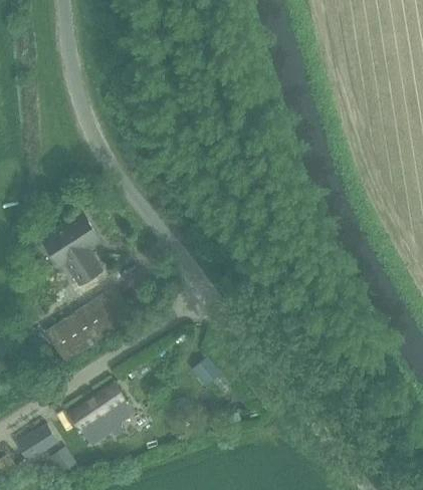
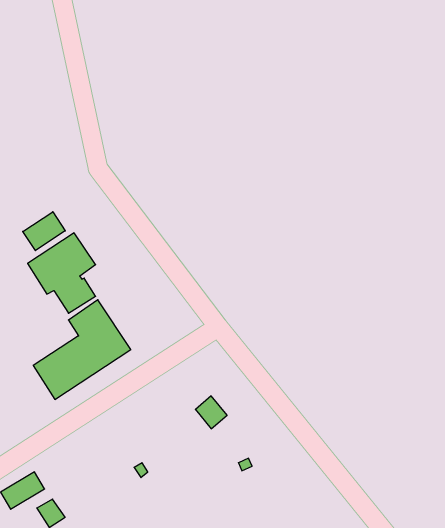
building: none -> [23,212,65,251]
building: [67,382,134,446] -> none

